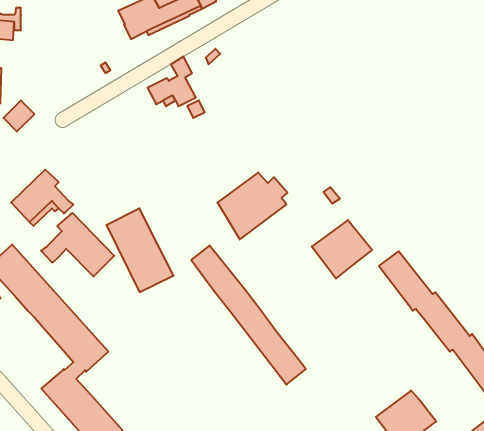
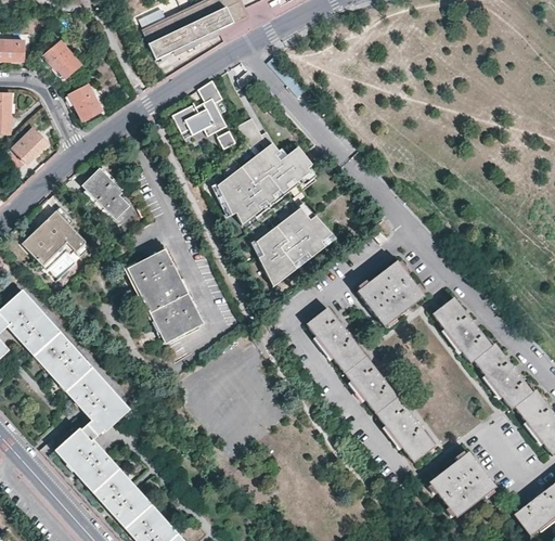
building: none -> [43,41,81,78]
building: none -> [68,83,102,121]
building: none -> [214,118,313,228]
building: none -> [82,166,130,217]
building: [41,213,114,277] -> none
building: [191,245,306,385] -> [307,308,435,463]

